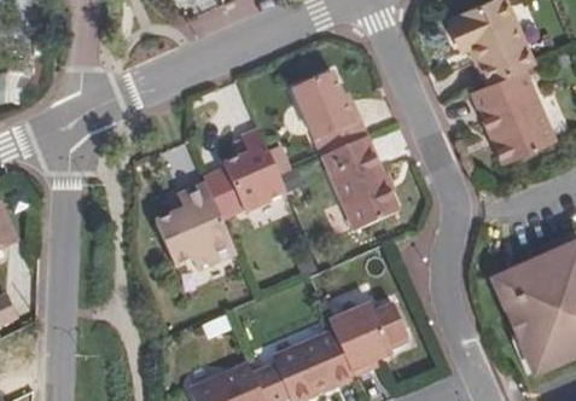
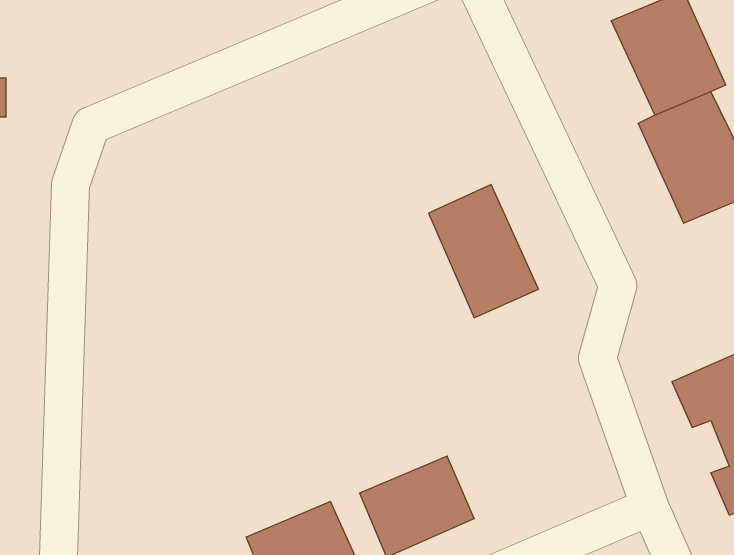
building: [292,74,366,155] -> none
building: [222,129,286,209] -> none
building: [155,182,237,267] -> none
building: [331,301,408,373] -> none

